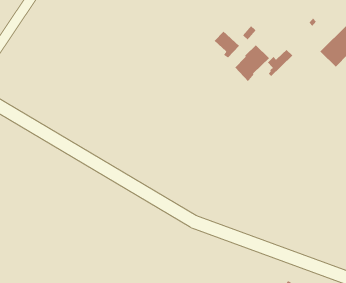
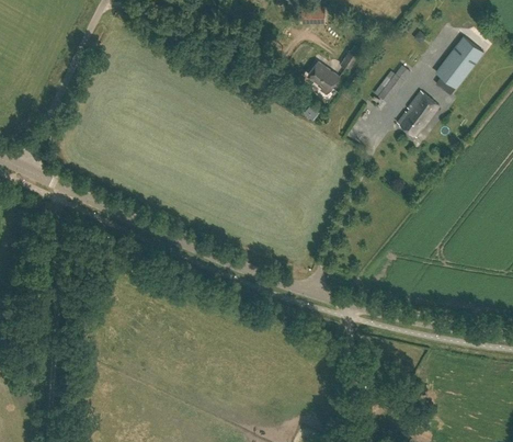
building: [234,44,270,82] -> [398,92,438,138]

